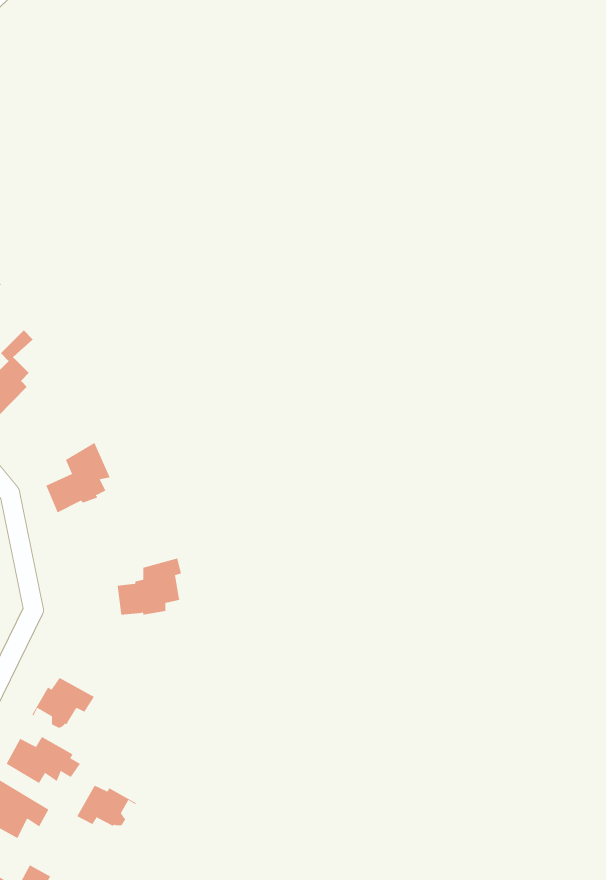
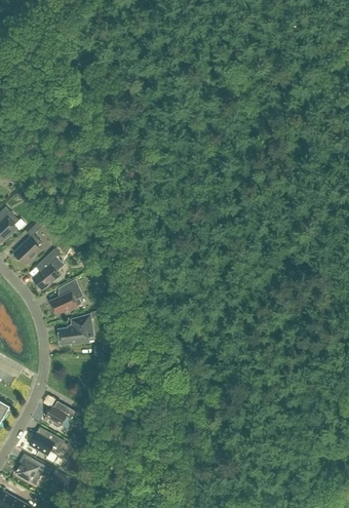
building: none -> [32,248,64,290]
building: [117,558,184,615] -> [59,314,93,344]
building: [76,785,136,826] -> none

